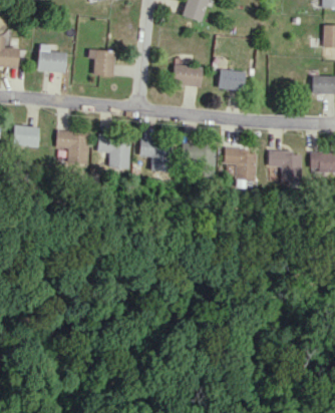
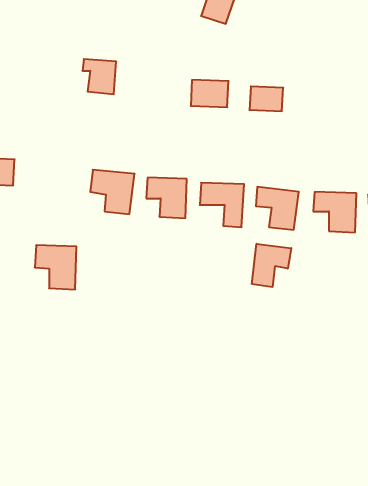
building: [39,51,67,72] -> none
building: [55,130,87,164] -> [35,245,76,289]
building: none -> [252,244,291,287]

